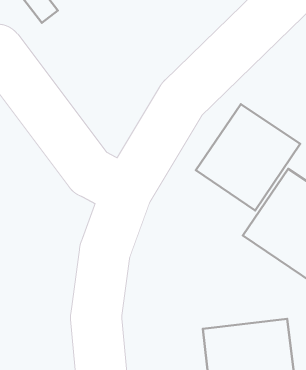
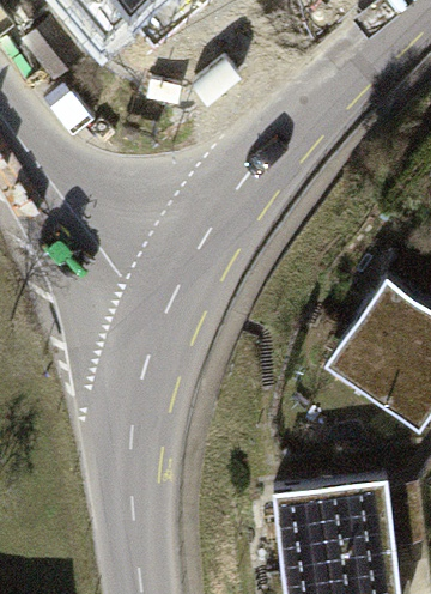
building: [196,104,300,210] -> none

